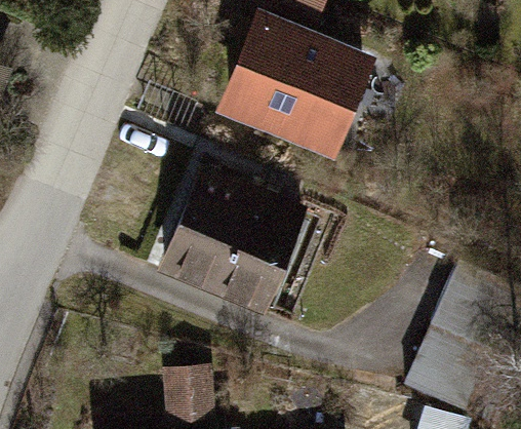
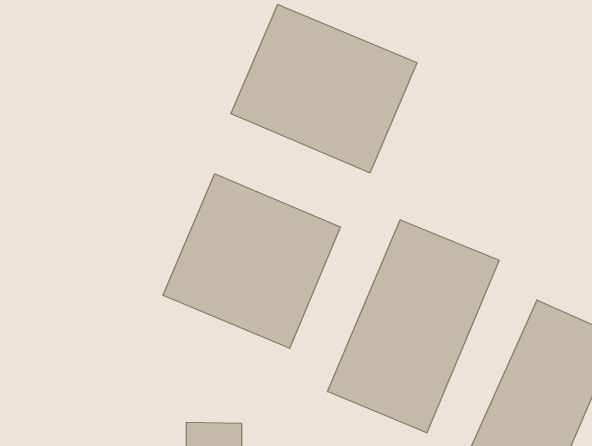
building: none -> [327,220,499,433]

